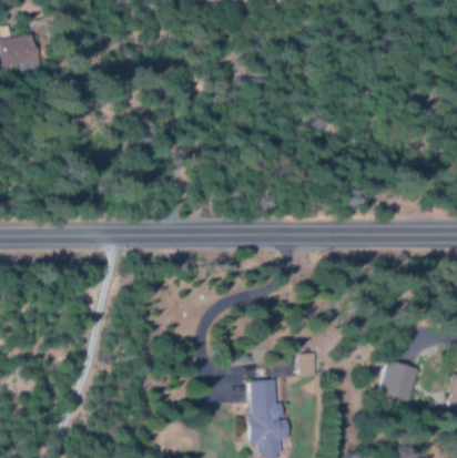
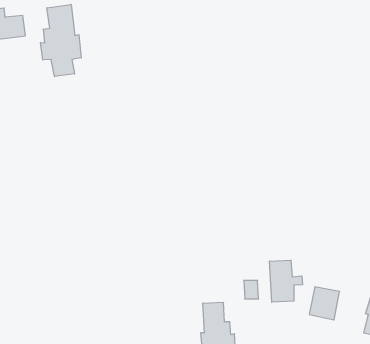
building: none -> [41,4,81,77]
building: none -> [270,260,302,302]

